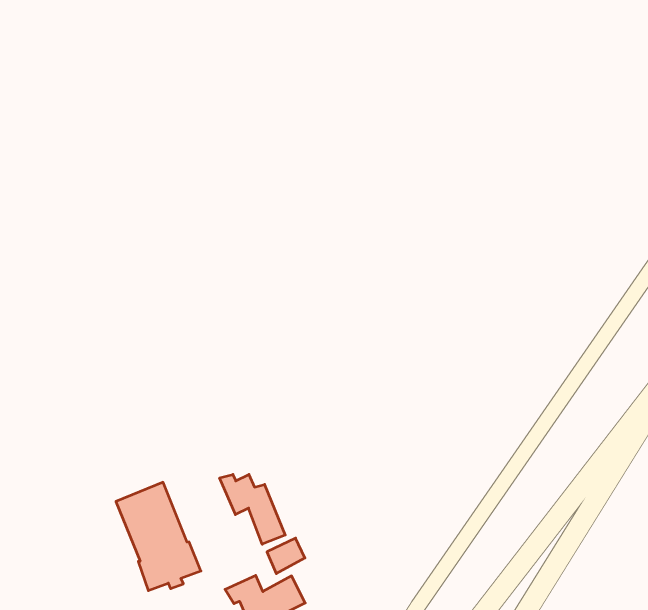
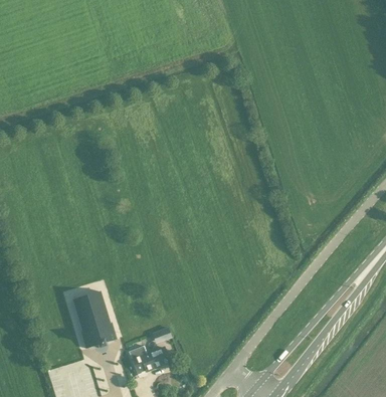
building: [220,474,285,544] -> none

